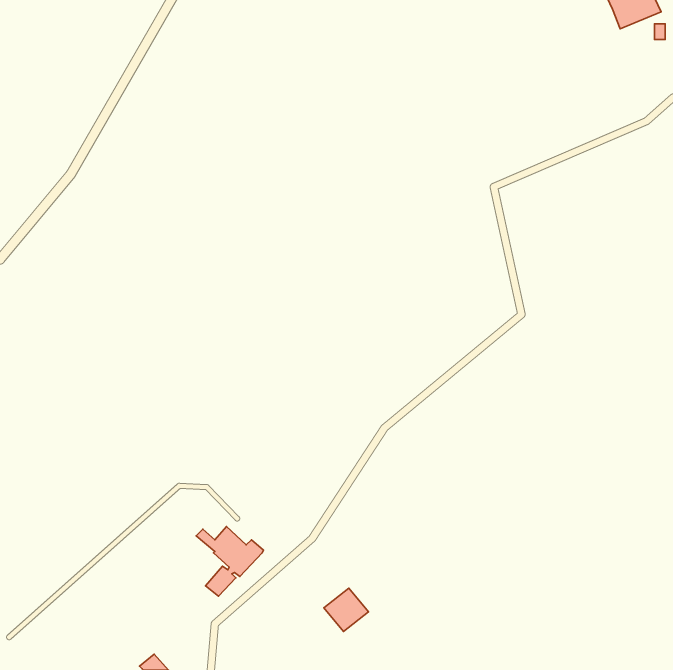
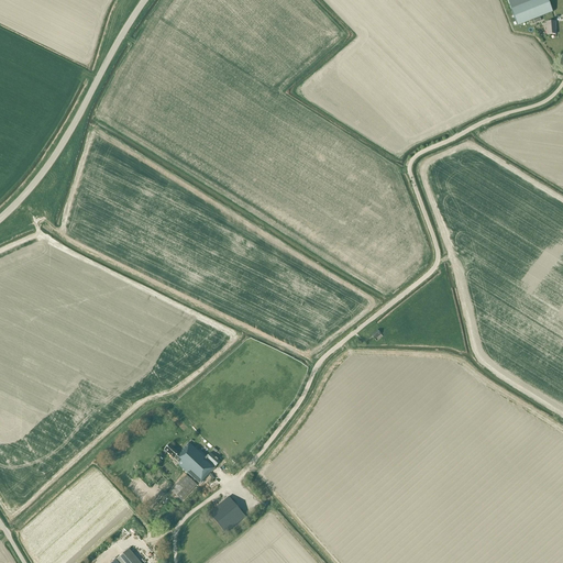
building: [324,588,369,632] -> [209,495,246,531]

